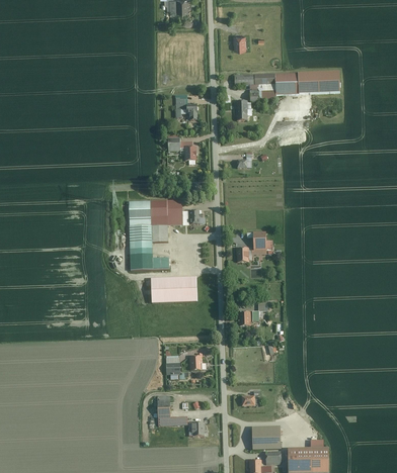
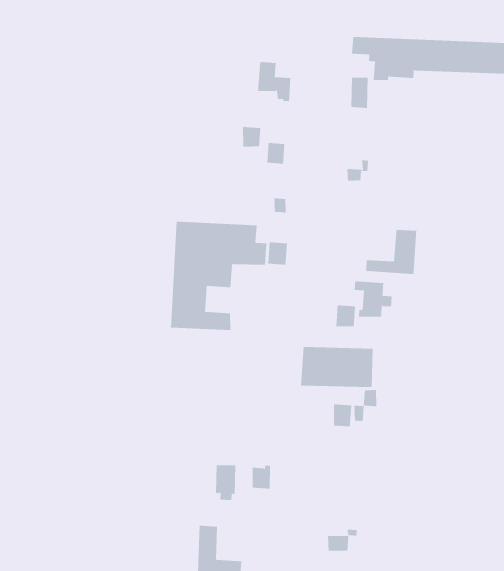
building: none -> [366,229,417,275]
building: [151,275,197,302] -> [300,347,373,388]

